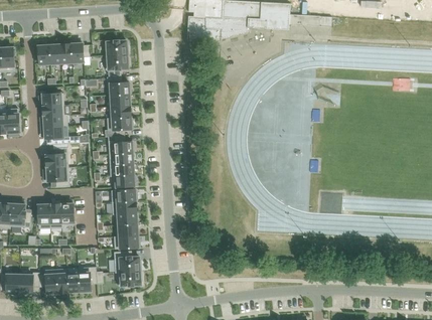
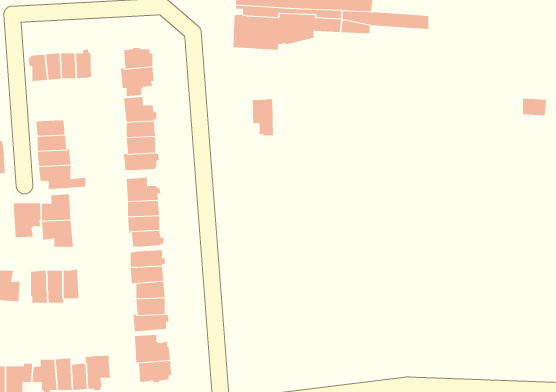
building: none -> [252,99,274,136]
building: none -> [13,202,41,238]

